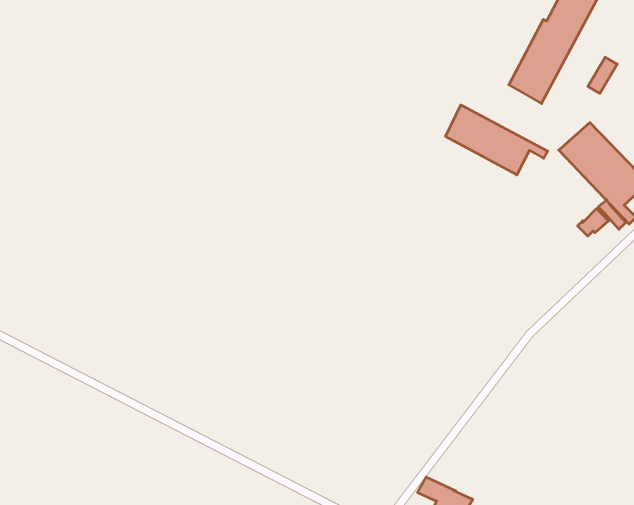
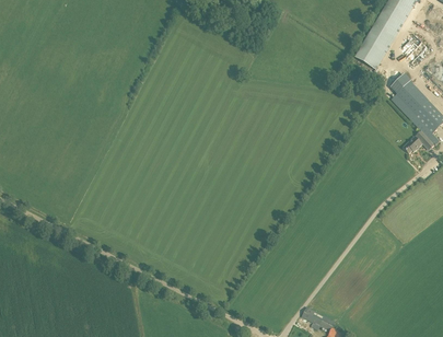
building: [446,105,548,175] -> none

